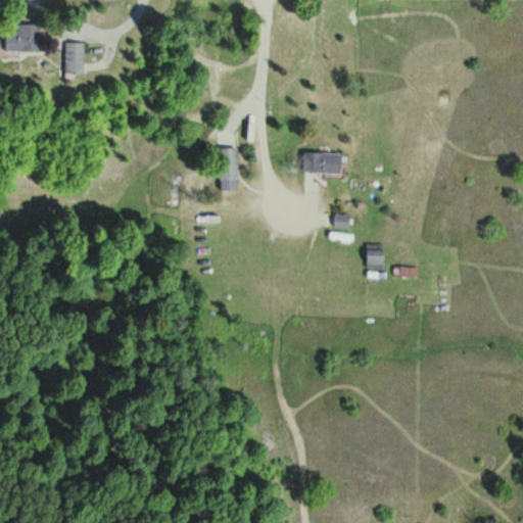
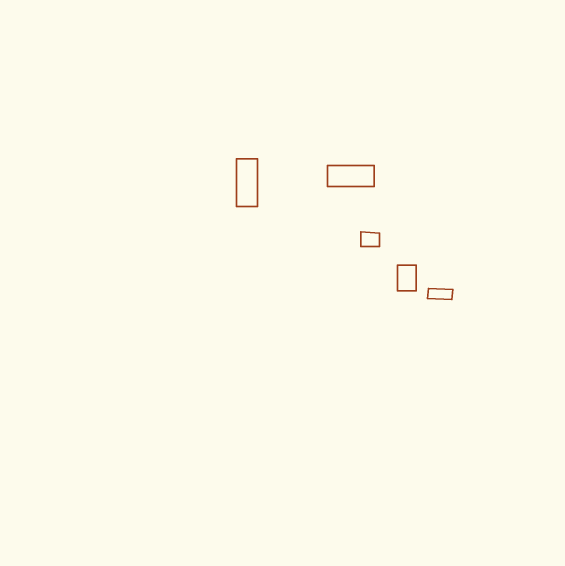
building: [12,25,38,51] -> none
building: [65,43,93,73] -> none

